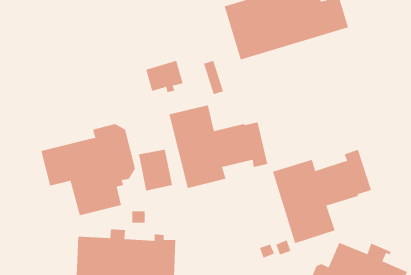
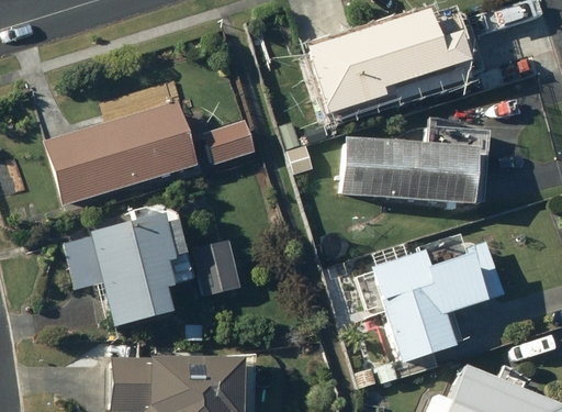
building: none -> [46,101,198,200]
building: none -> [342,124,480,204]
building: [169,105,268,189] -> none

